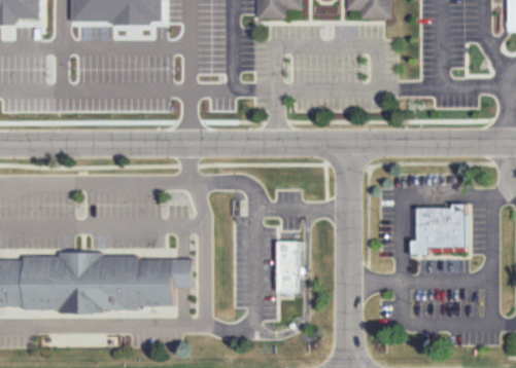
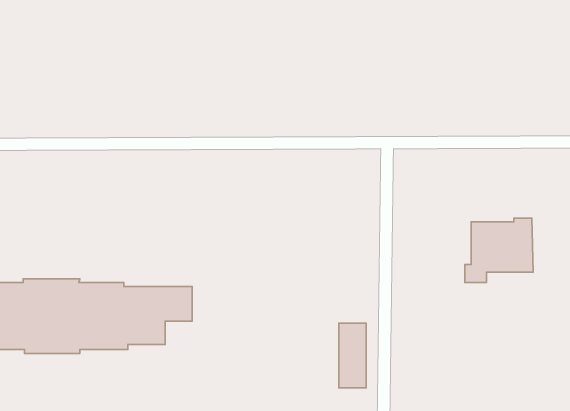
building: [275,242,297,293] -> [339,323,366,388]

